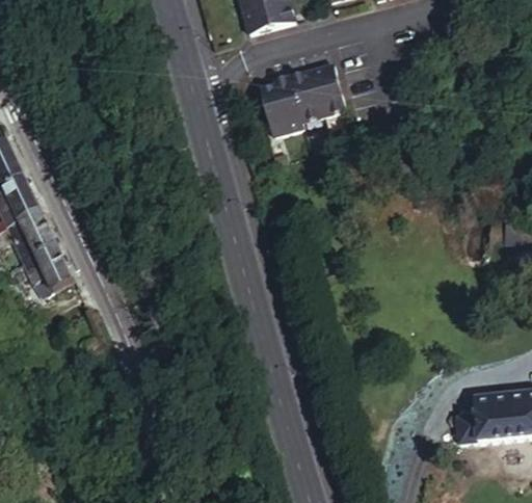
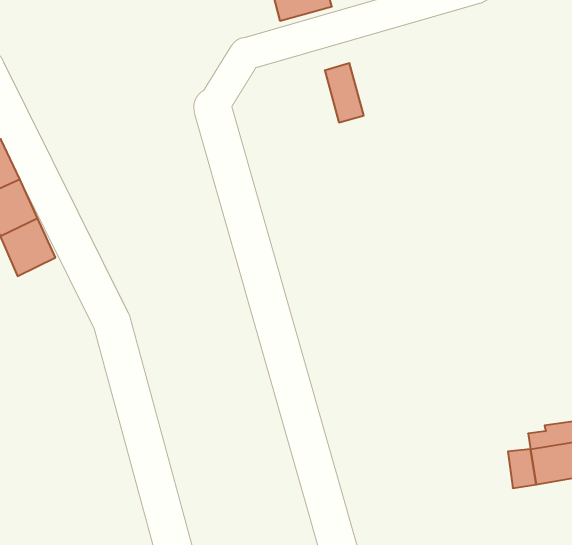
building: [310,65,344,117] -> none
building: [264,78,301,135] -> none
building: [18,242,68,287] -> none

